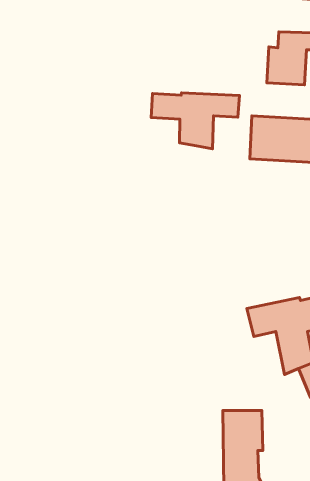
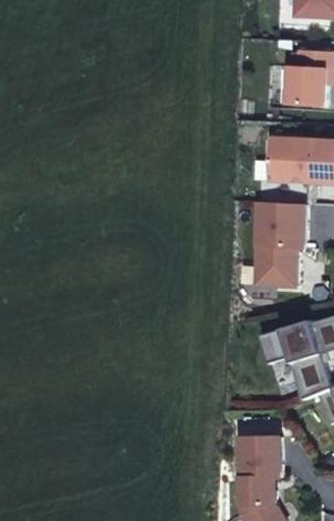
building: [151,93,240,149] -> none
building: none -> [253,200,305,286]

